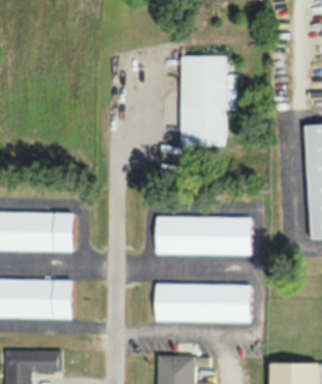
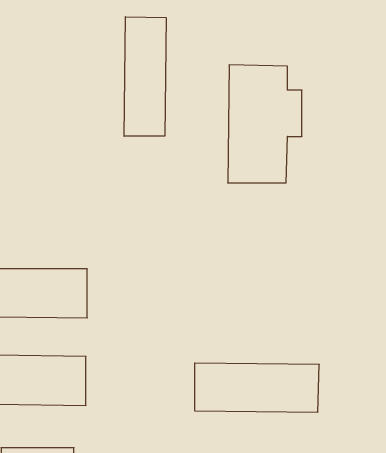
building: none -> [124,17,166,136]
building: [156,216,251,256] -> none

